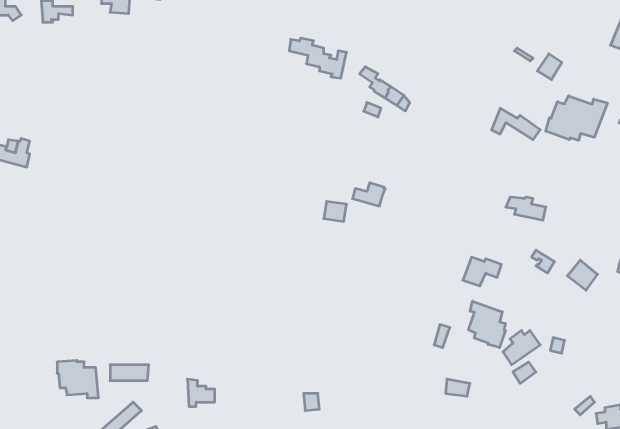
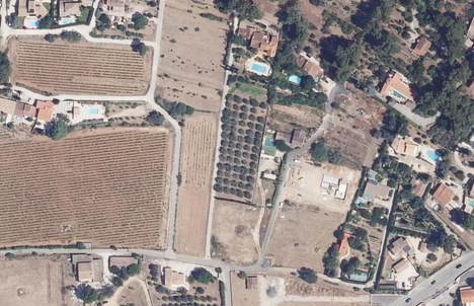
building: [546,96,607,140] -> none
building: [469,301,505,348] -> none

